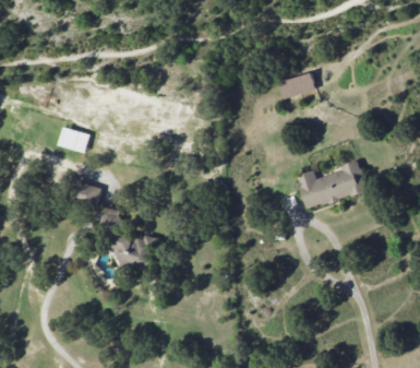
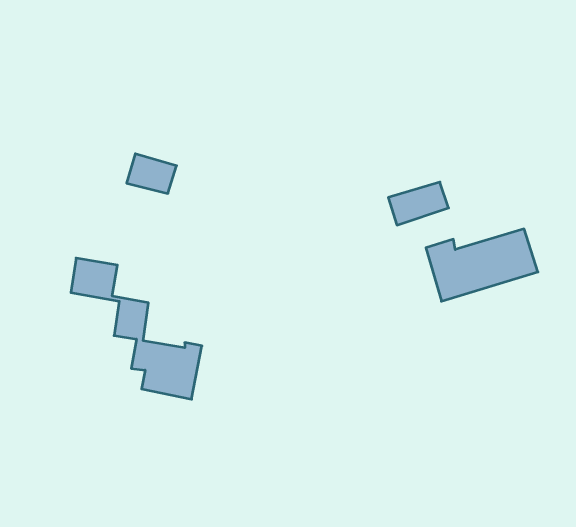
building: [277,73,315,100] -> [388,182,449,225]
building: [58,128,89,153] -> [127,154,177,193]

